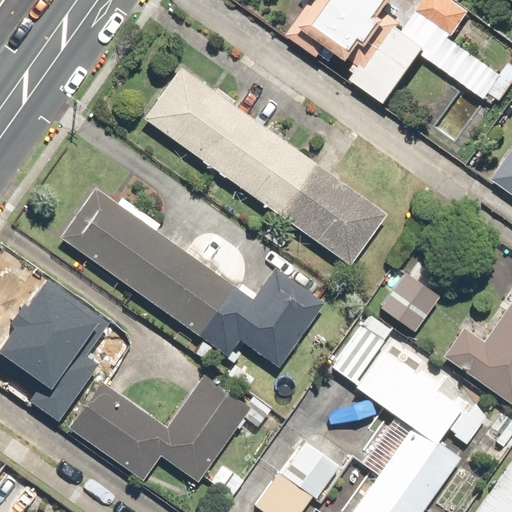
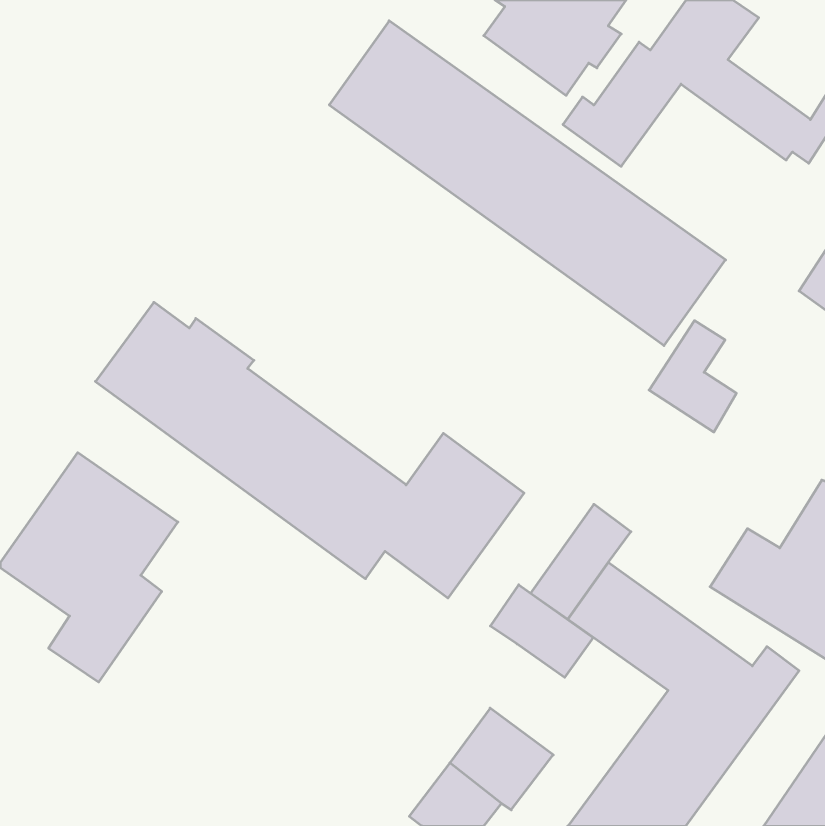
building: [142,65,387,266] -> [329,21,726,346]
building: [377,267,431,336] -> [649,321,736,432]
building: none -> [490,585,593,677]
building: [69,373,271,483] -> none

